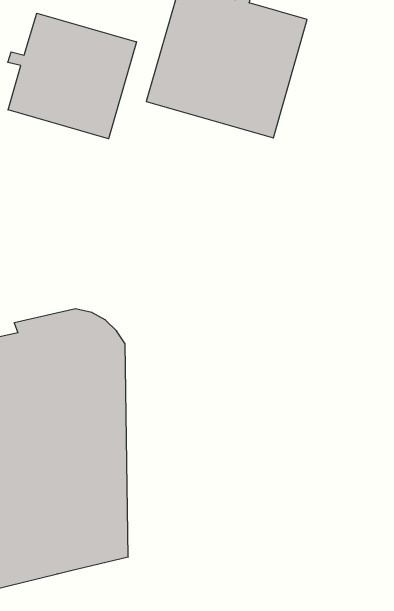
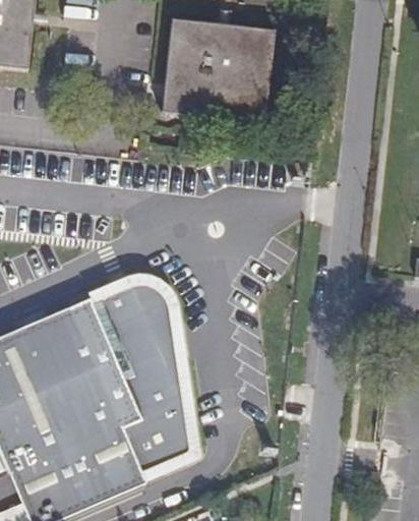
building: [8,13,136,139] -> none

